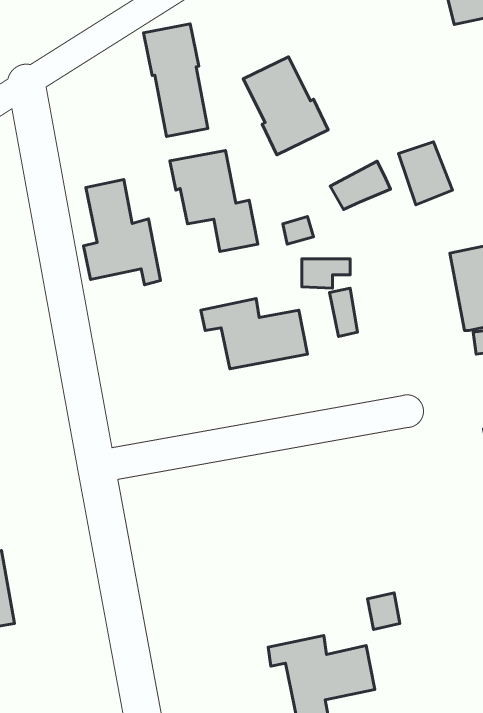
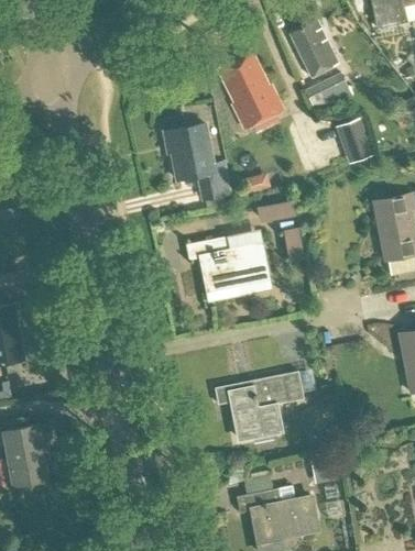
building: none -> [290,20,338,77]
building: [143,24,208,137] -> none
building: [330,161,390,210] -> [305,73,350,109]
building: [83,180,161,285] -> none
building: none -> [215,371,304,438]

